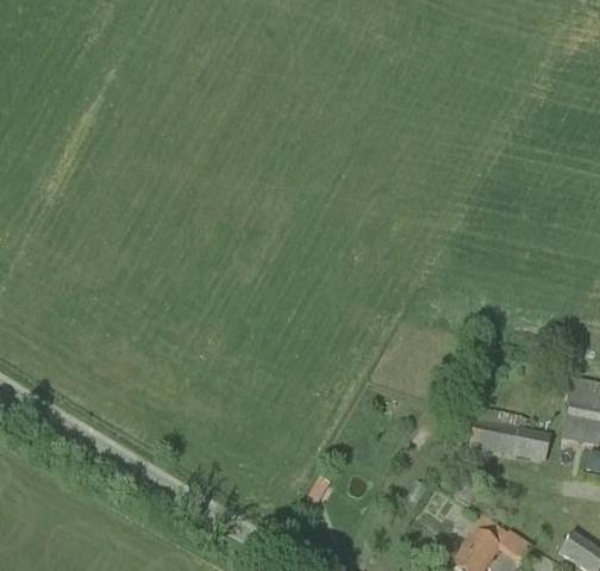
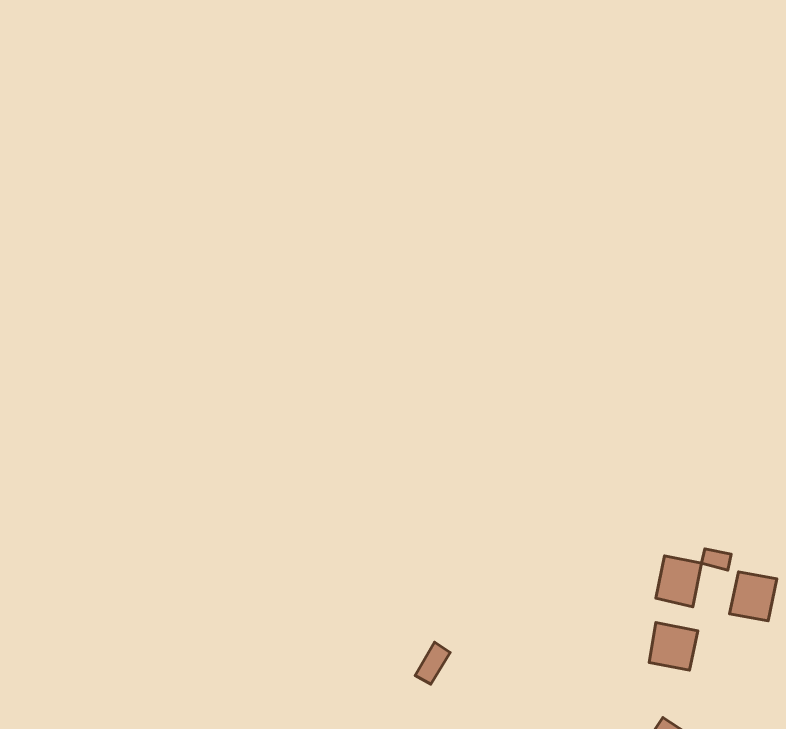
building: none -> [649,623,698,670]

